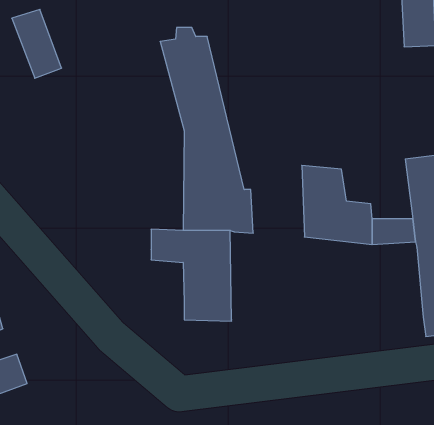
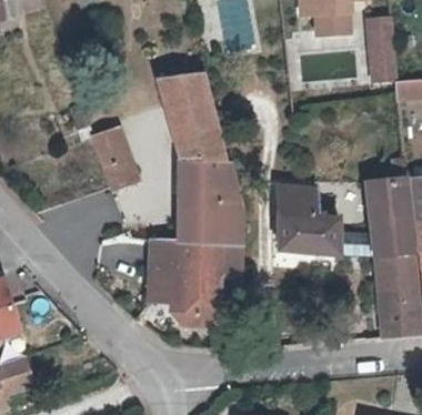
building: [12,9,62,78] -> [93,130,137,190]
building: none -> [148,267,177,304]

